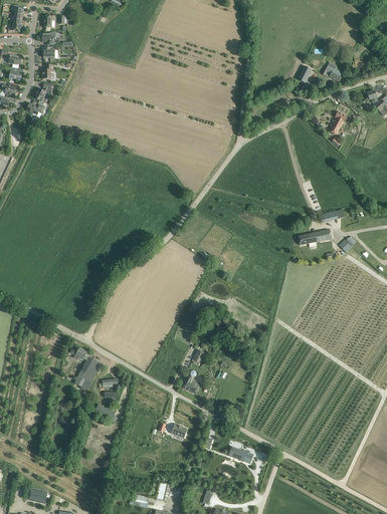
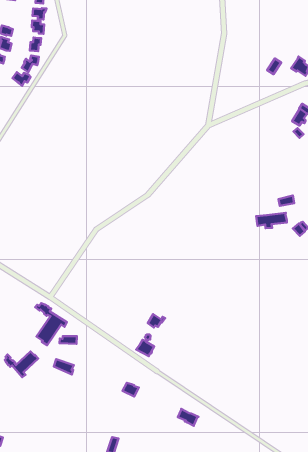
building: none -> [5,351,38,377]

